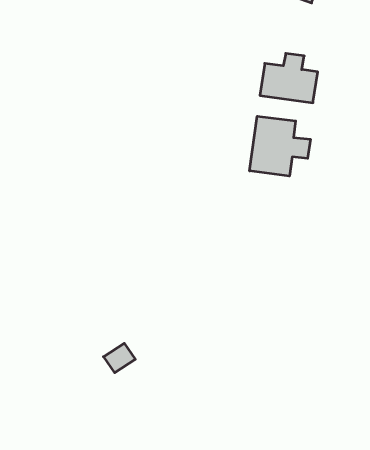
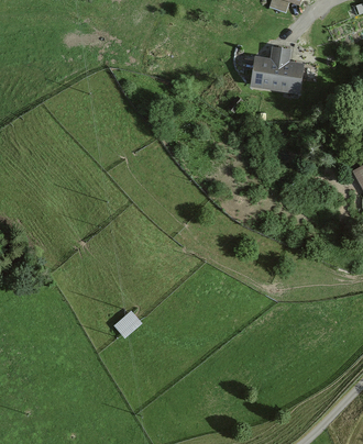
building: [250,116,310,176] -> none

